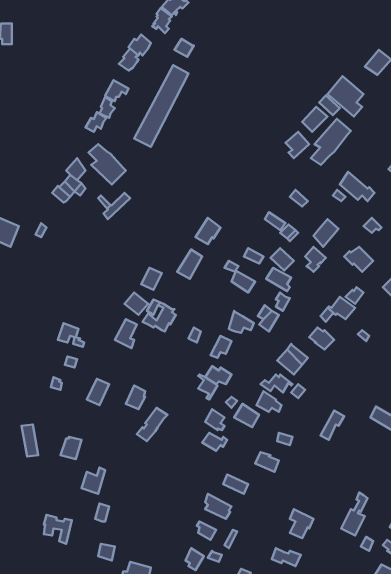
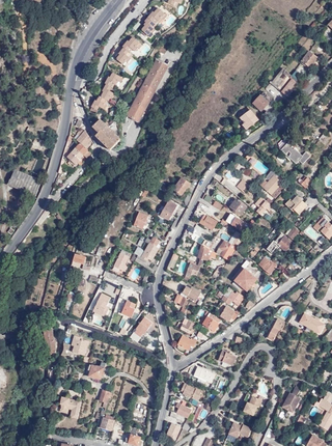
building: [311,119,351,165] -> none

